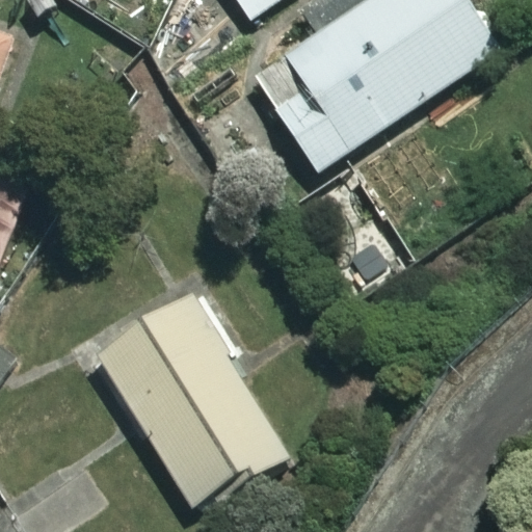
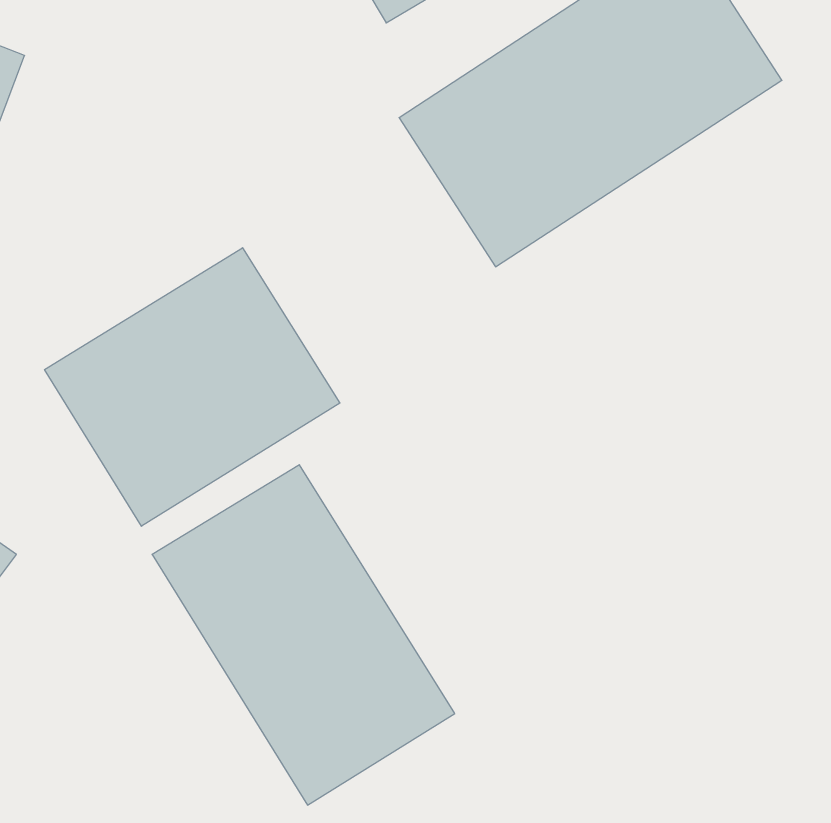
building: none -> [45,248,340,526]

